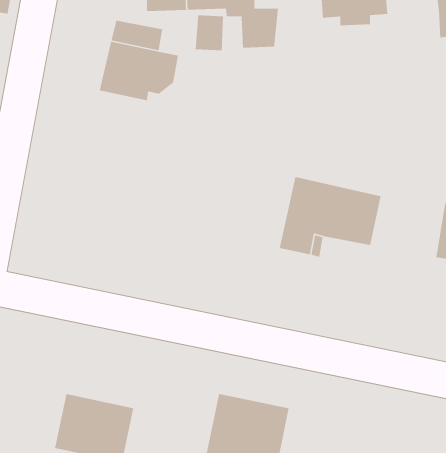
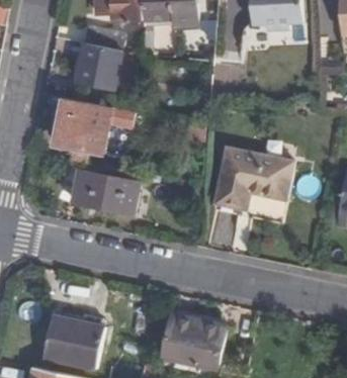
building: none -> [55,100,112,158]
building: none -> [65,161,140,216]

